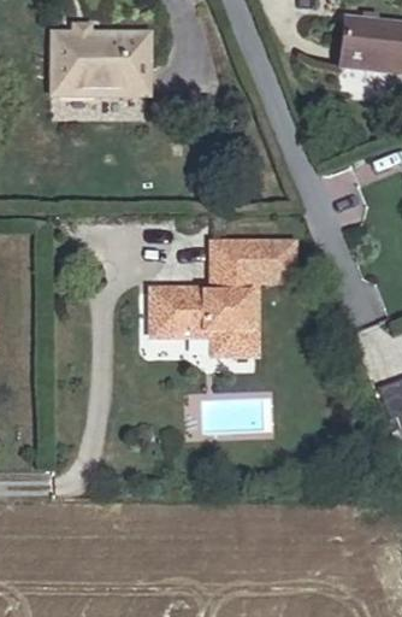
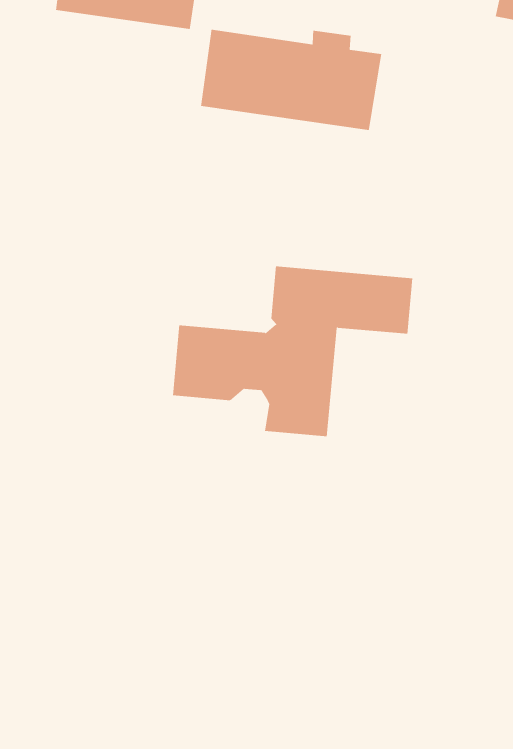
building: none -> [201,29,382,131]

